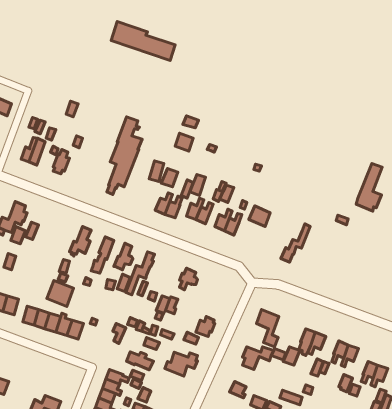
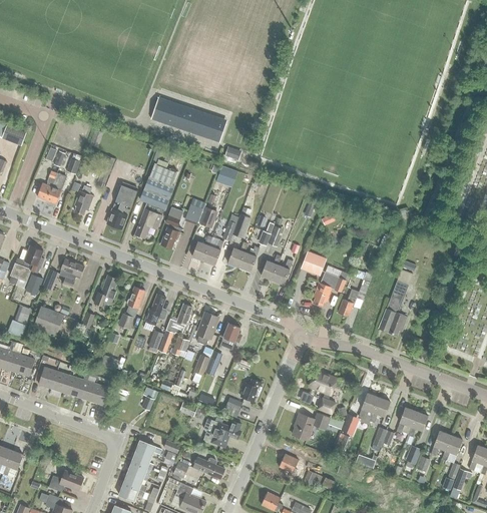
building: [111,21,175,60] -> [150,96,224,141]
building: none -> [106,181,137,227]
building: [356,164,382,211] -> [379,280,409,335]
building: none -> [160,206,182,247]
building: none -> [60,258,83,287]
building: none -> [313,270,348,305]
building: none -> [196,311,218,343]
building: [47,280,74,306] -> [33,305,64,335]
building: [127,352,153,370] -> [193,456,224,477]

